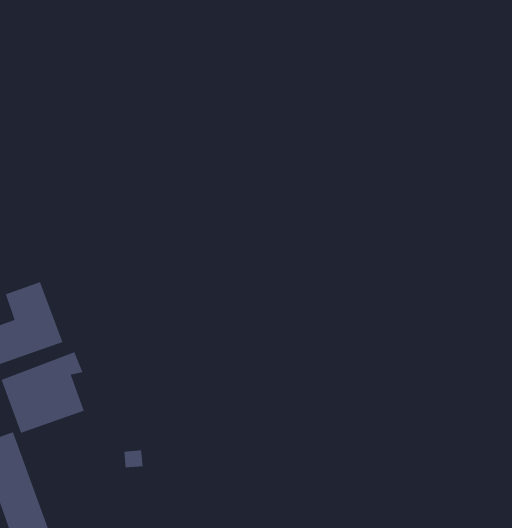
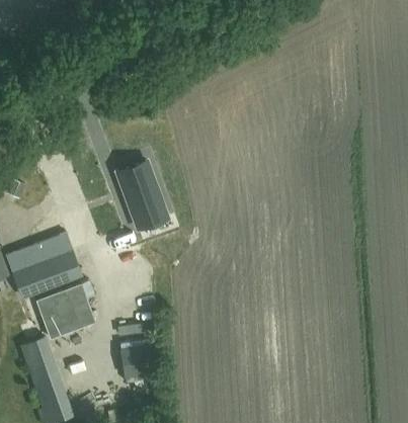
building: none -> [117,162,168,228]

